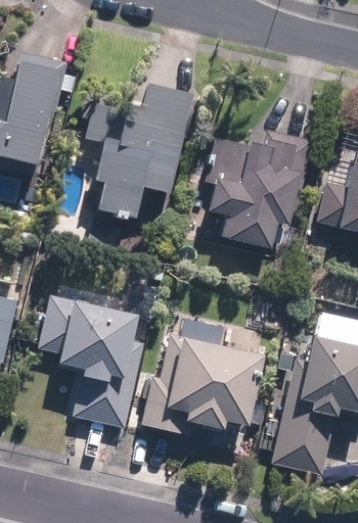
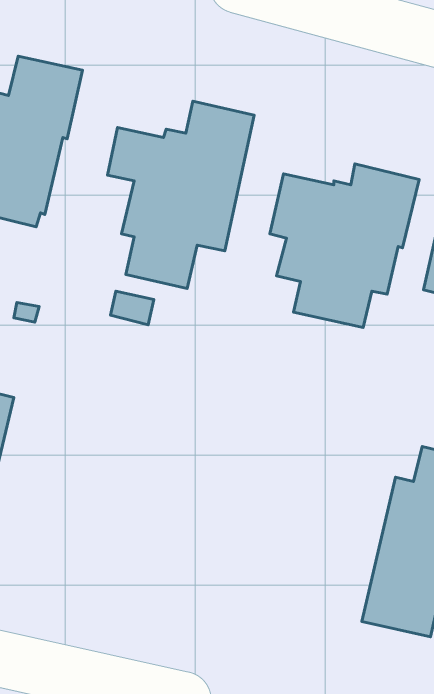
building: [37,294,142,428] -> none
building: [140,333,265,434] -> none

